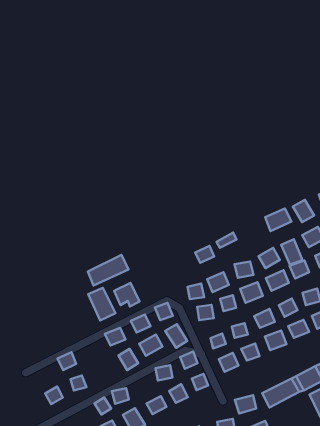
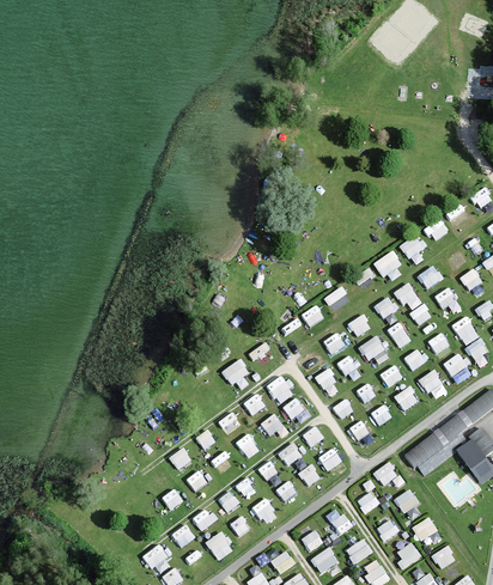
building: [88,255,128,286] -> none
building: [88,288,116,320] -> none

